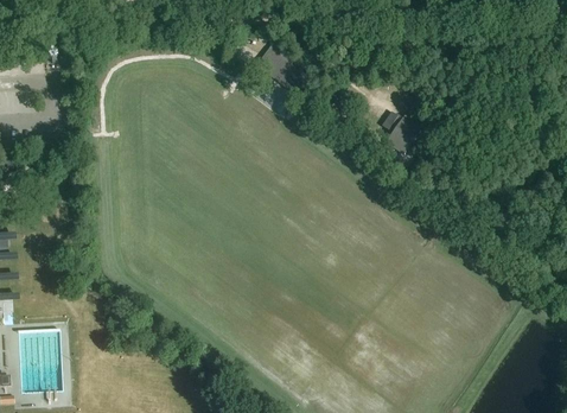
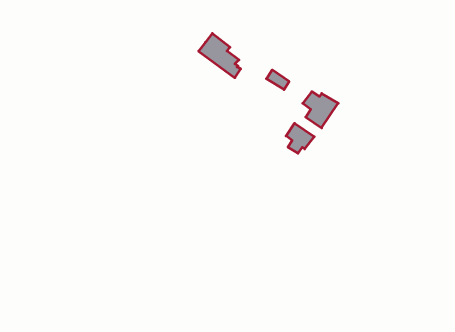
building: none -> [286,123,314,153]

